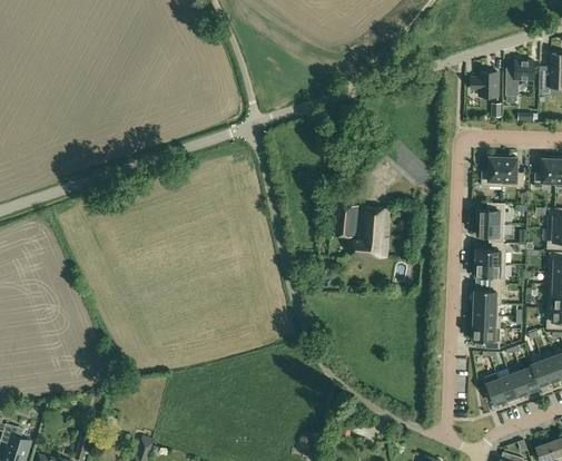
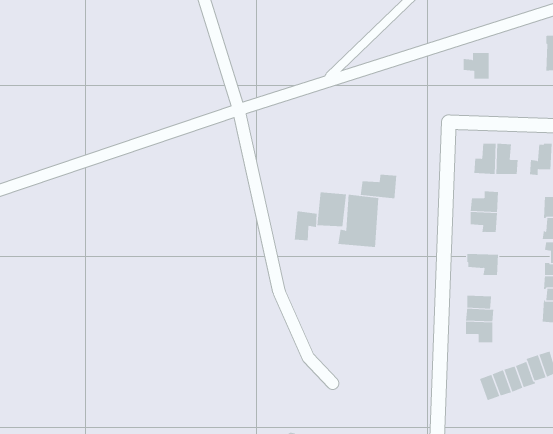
building: [505,60,534,96] -> none
building: none -> [360,174,397,199]
building: none -> [294,210,317,241]
building: [474,243,506,264] -> none
building: [474,284,504,305] -> none

